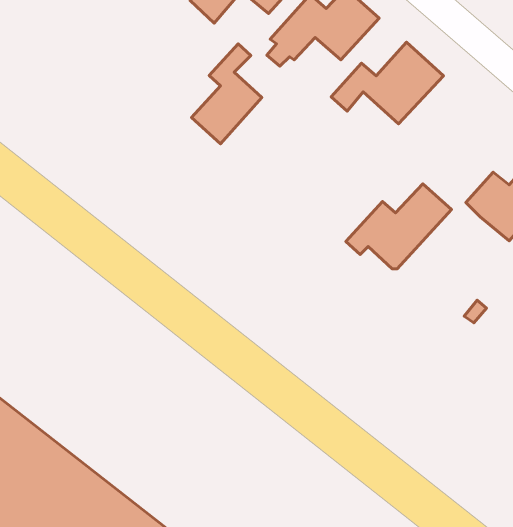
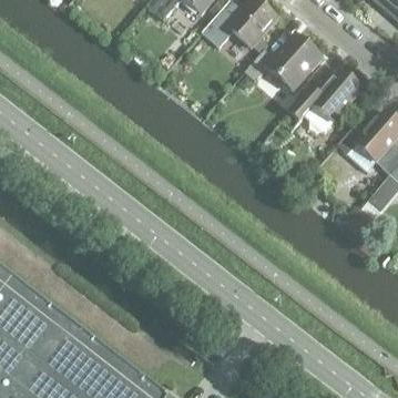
building: [192,44,262,144] -> none
building: [346,184,452,269] -> [288,72,361,131]

